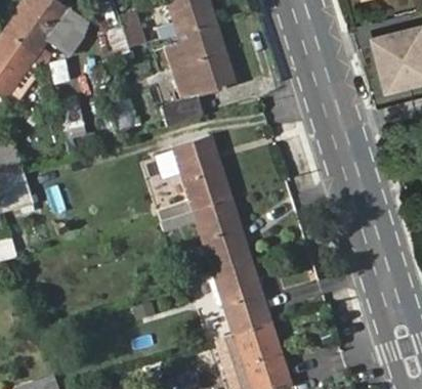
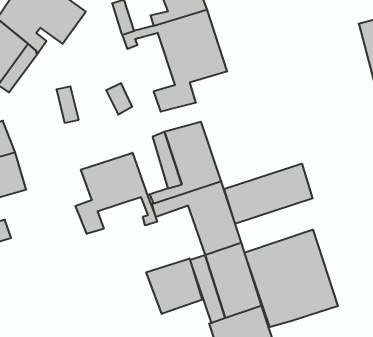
building: none -> [75,153,157,234]
building: none -> [224,164,313,224]
building: none -> [245,230,338,327]
building: none -> [146,258,202,314]

